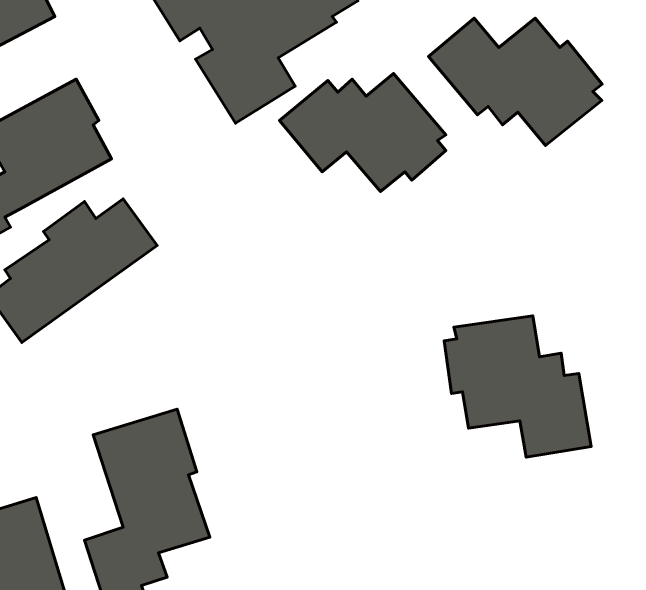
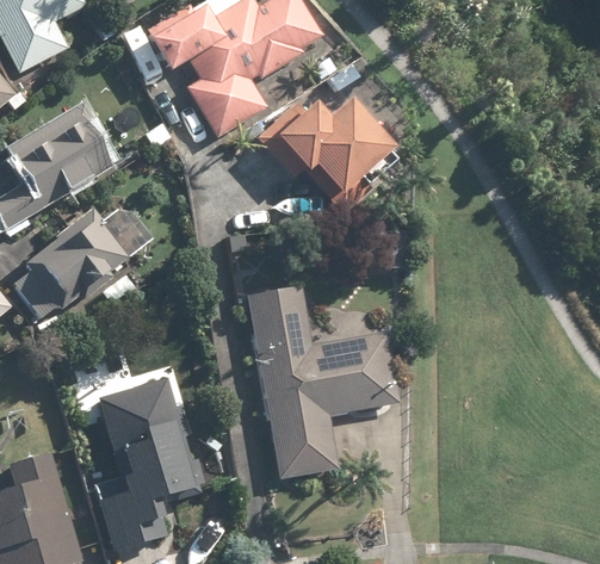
building: [428,18,602,145] -> none
building: none -> [247,283,398,481]
building: [444,316,591,457] -> none

